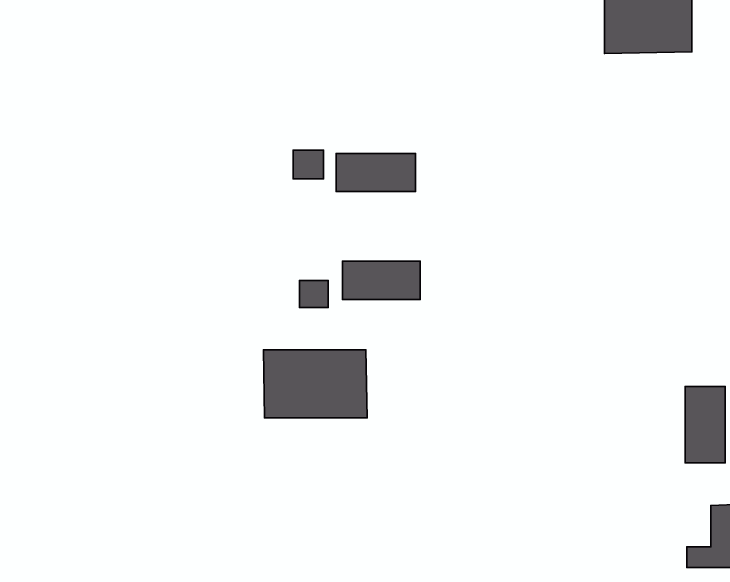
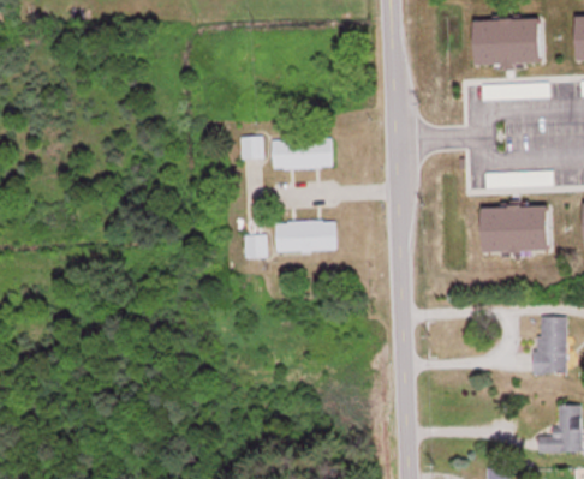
building: none -> [482,205,549,251]
building: [263,350,367,418] -> none

